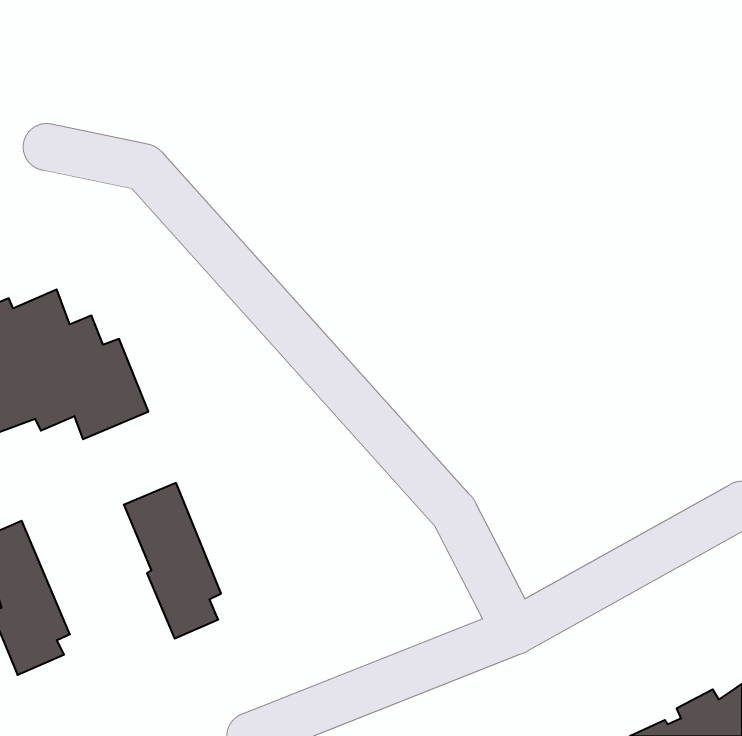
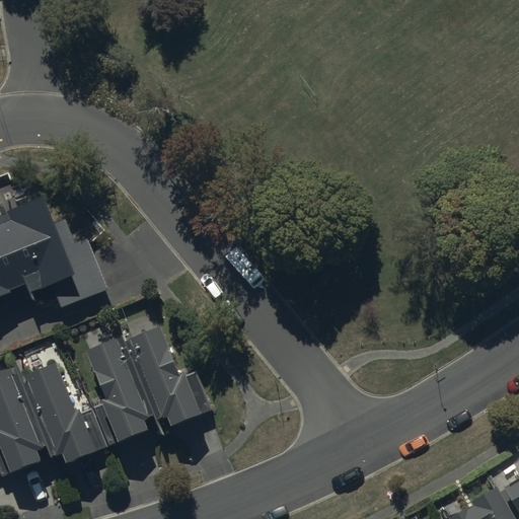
building: none -> [126,326,204,425]
building: none -> [28,364,107,462]

